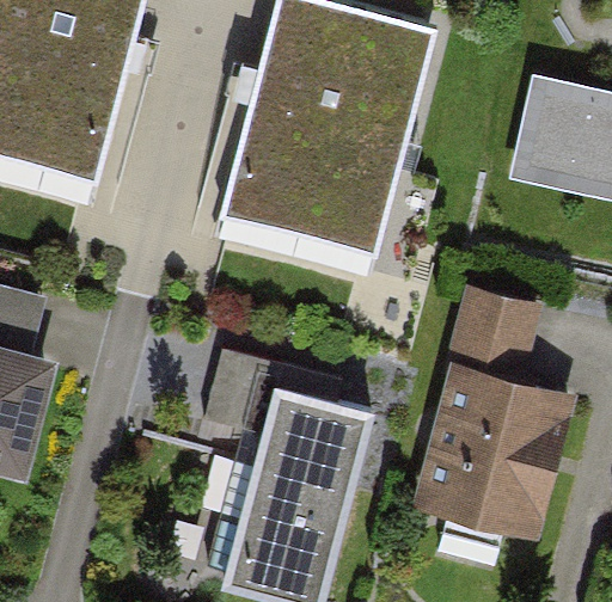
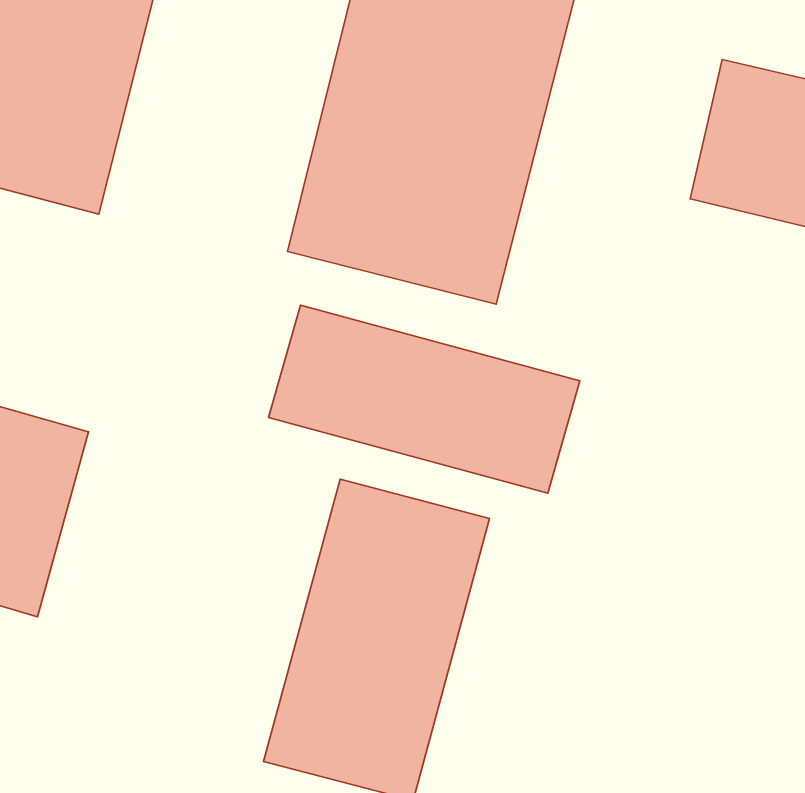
building: none -> [269,305,580,493]
building: [417,288,577,532] -> none

